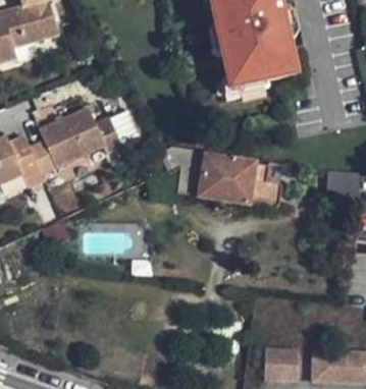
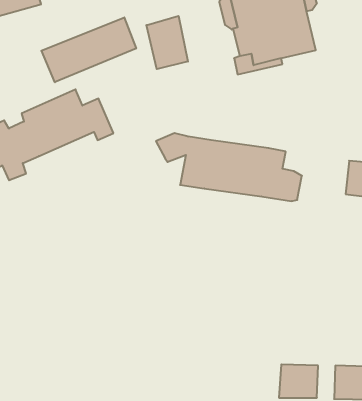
building: none -> [146,16,188,69]
building: none -> [41,17,136,82]

